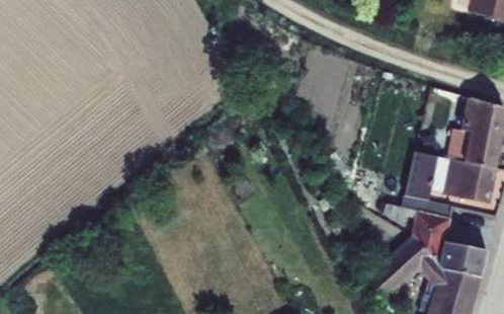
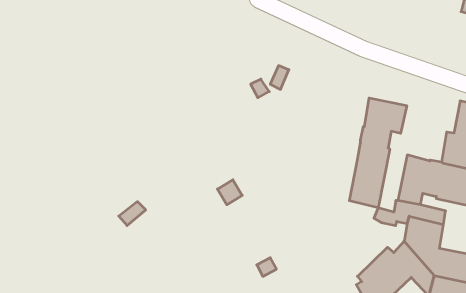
building: none -> [349,98,407,208]

